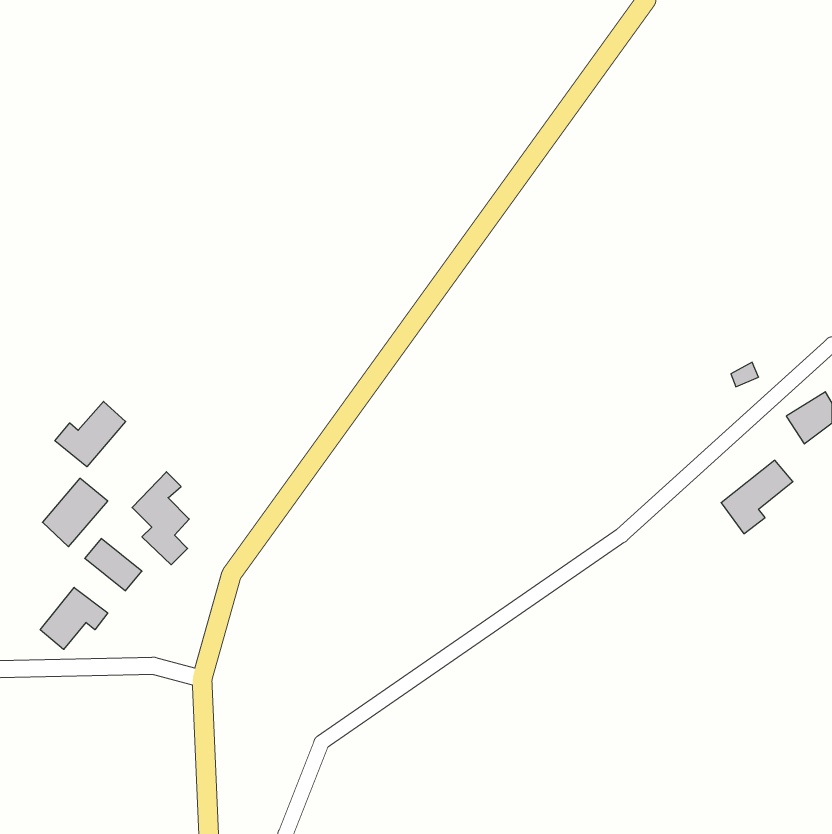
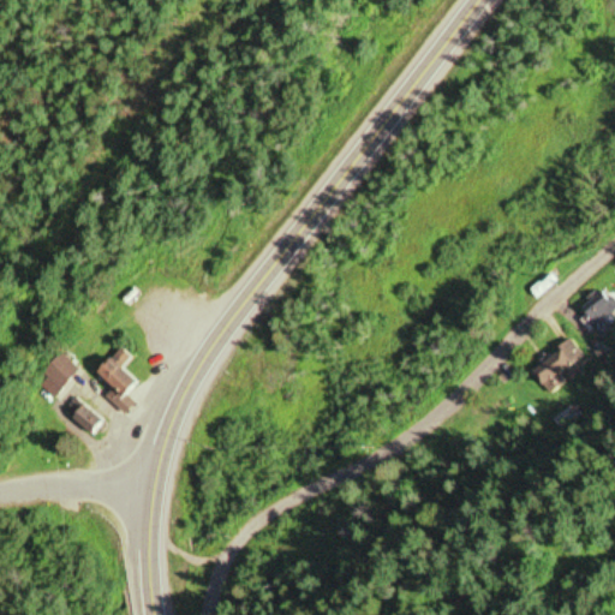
building: [55,401,126,467] -> none
building: [40,587,108,649] -> none

